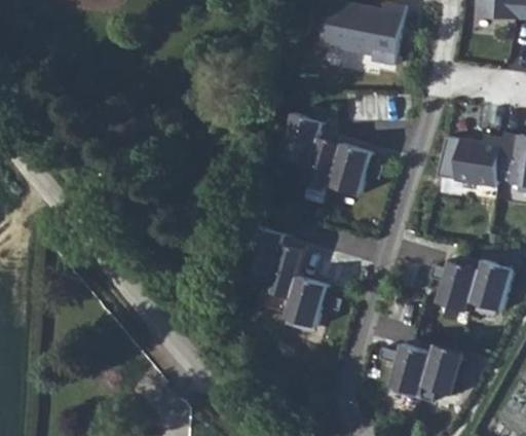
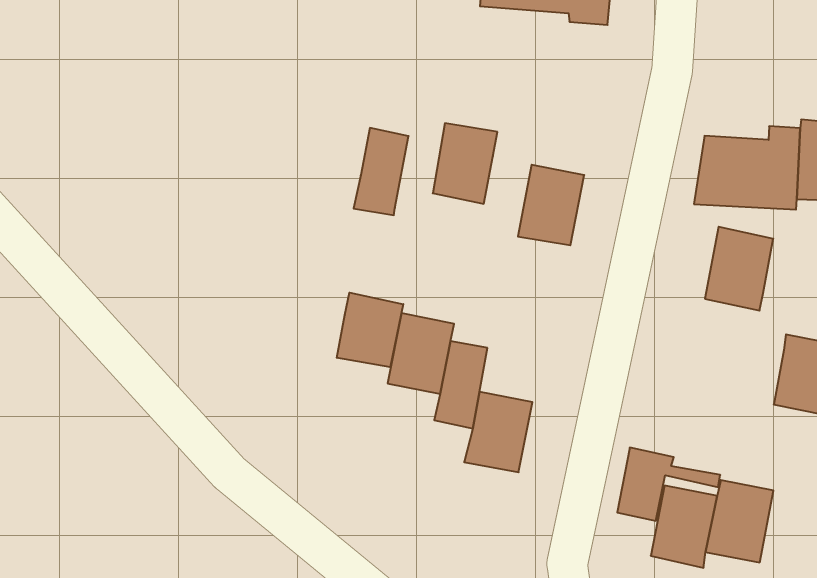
building: [304,138,341,191] -> [354,128,409,215]
building: none -> [337,293,403,367]
building: [437,260,481,313] -> [705,227,773,311]

